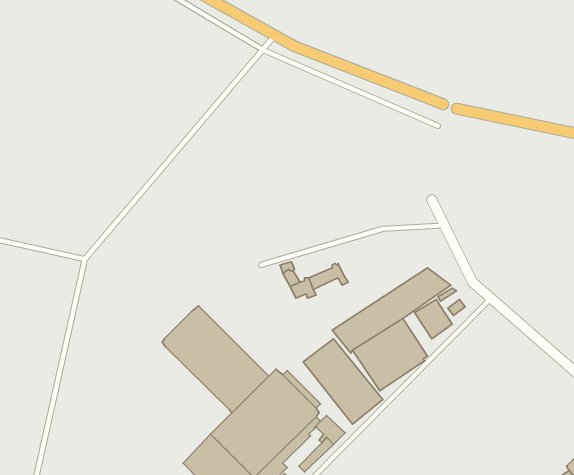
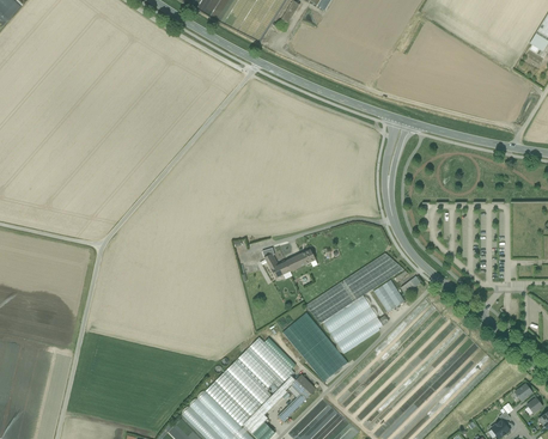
building: [162,306,269,412] -> none

